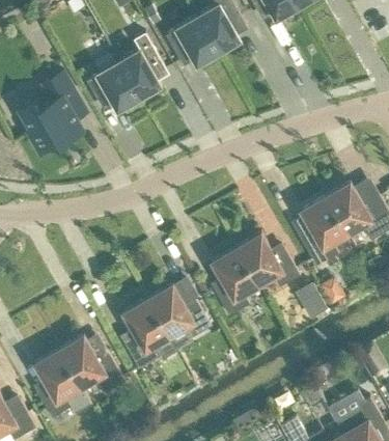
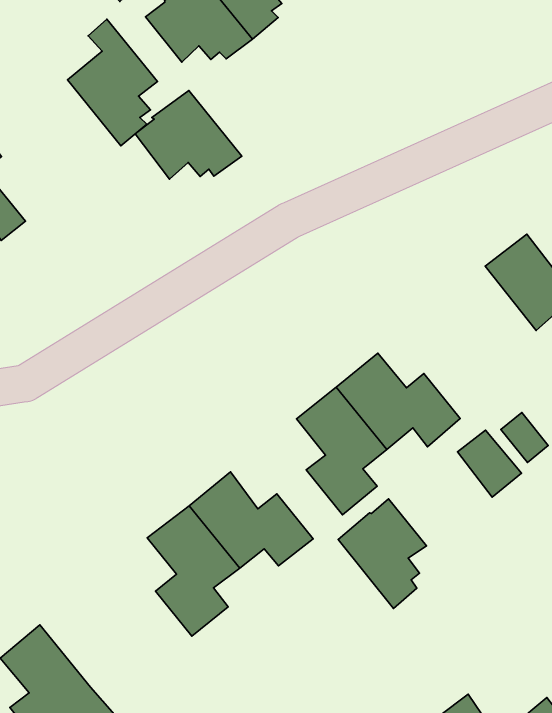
building: [87,62,142,110] -> [135,90,242,179]
building: [301,196,348,267] -> none
building: none -> [338,499,427,608]
building: [59,335,126,393] -> none

